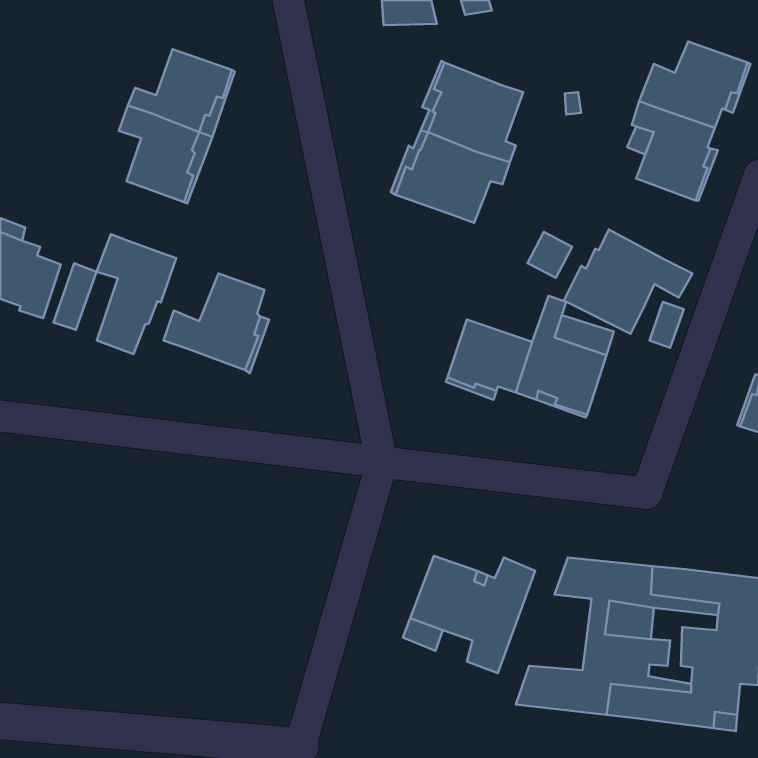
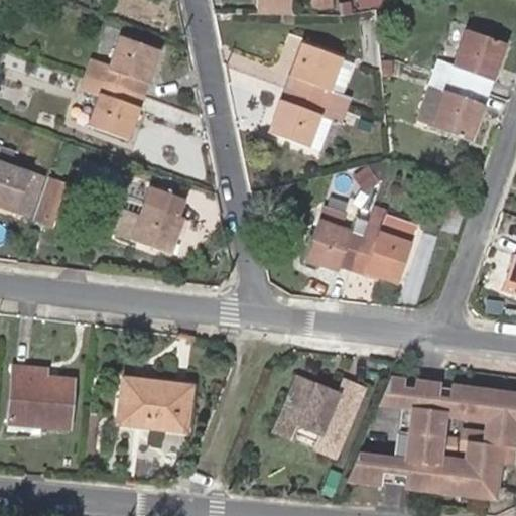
building: [564,230,693,334] -> none
building: [97,234,176,354] -> none
building: none -> [10,365,74,424]
building: none -> [117,375,191,428]

